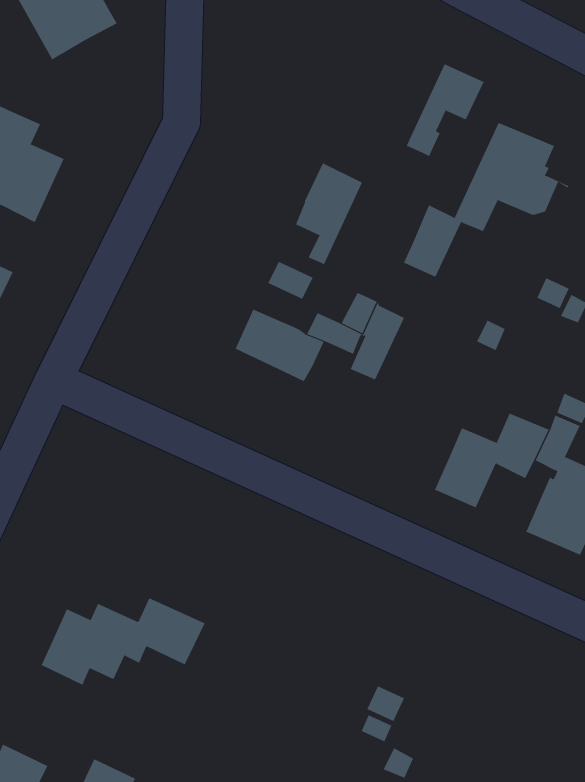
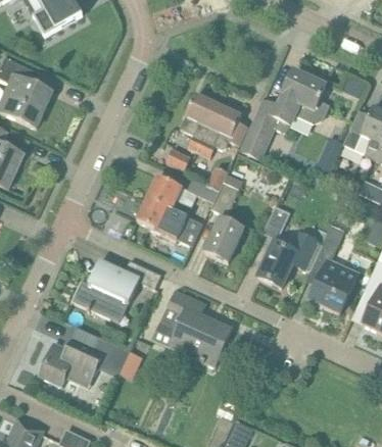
building: [406,64,484,157] -> [197,104,241,156]
building: none -> [137,197,202,244]
building: none -> [262,204,290,239]
building: none -> [204,216,244,261]
building: none -> [73,258,161,316]
building: none -> [154,289,231,364]

